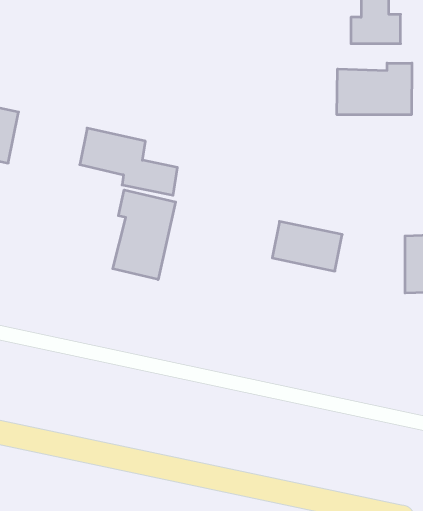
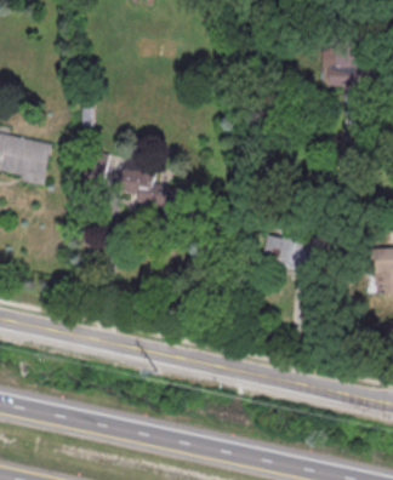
building: [337,63,412,115] -> none
building: [113,190,176,280] -> none

